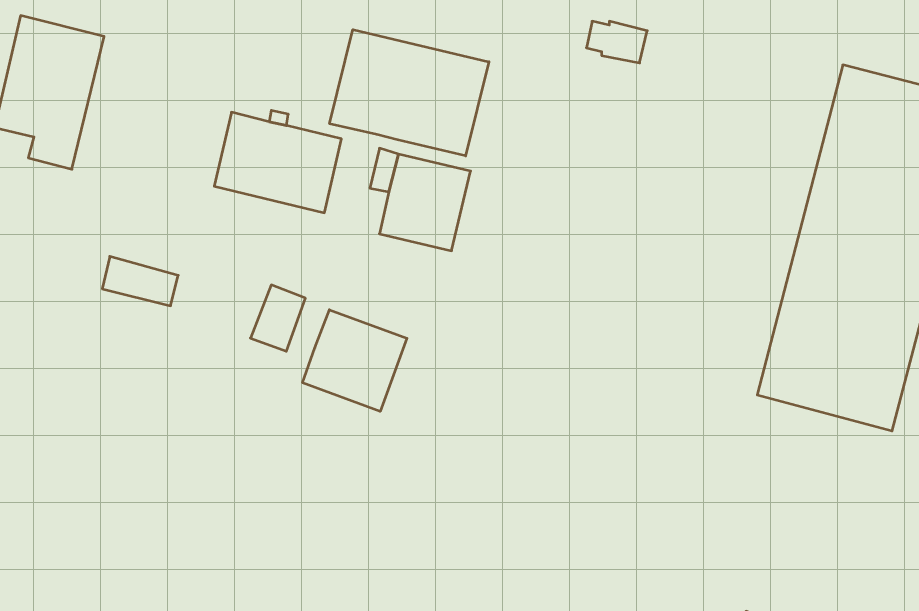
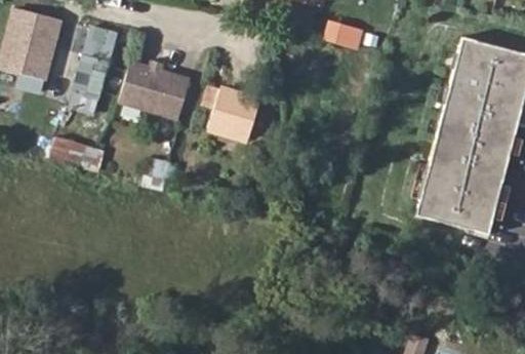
building: [330,30,489,156] -> none
building: none -> [65,23,114,116]
building: [303,310,407,411] -> none

